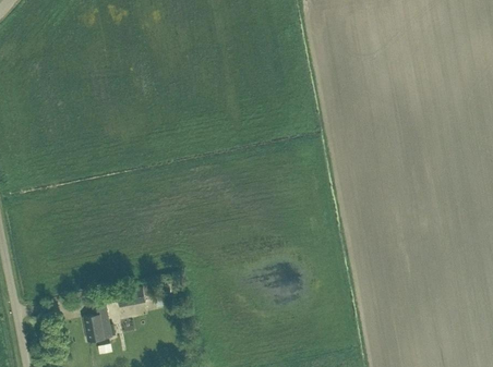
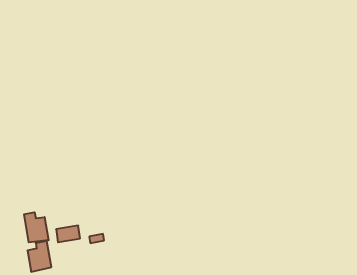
building: none -> [24,212,49,242]

